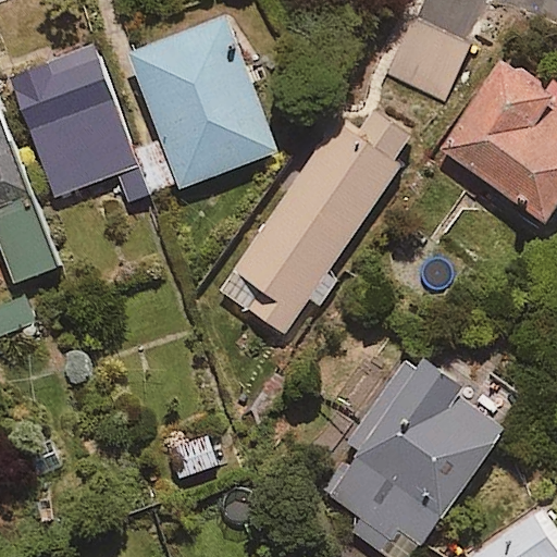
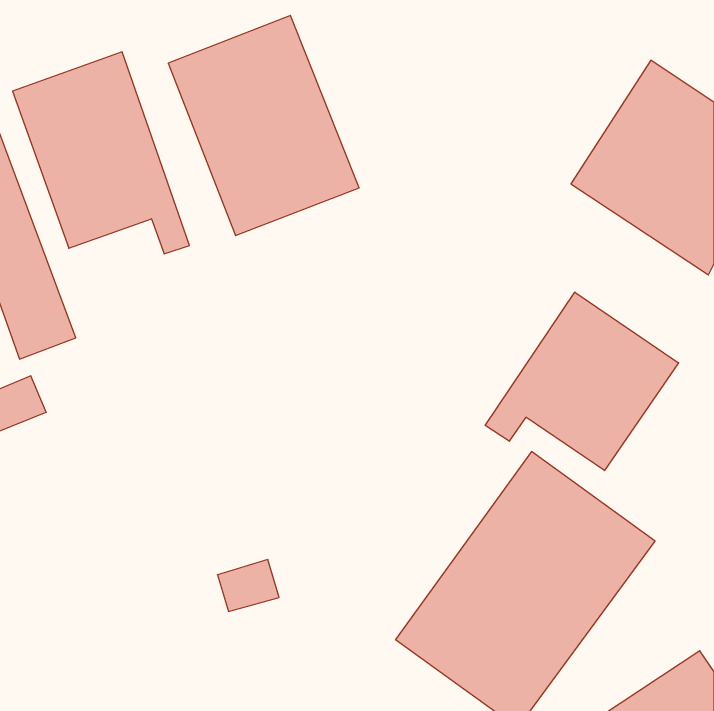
building: [374,14,468,103] -> none
building: [220,102,421,336] -> none
building: none -> [485,292,679,471]

